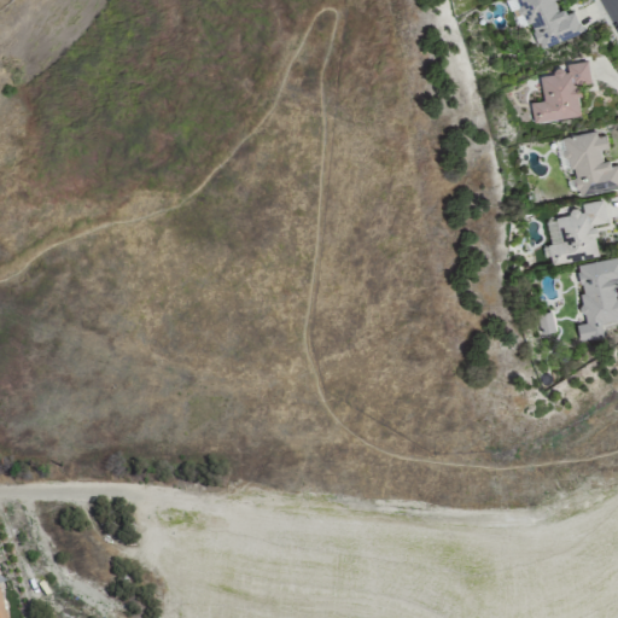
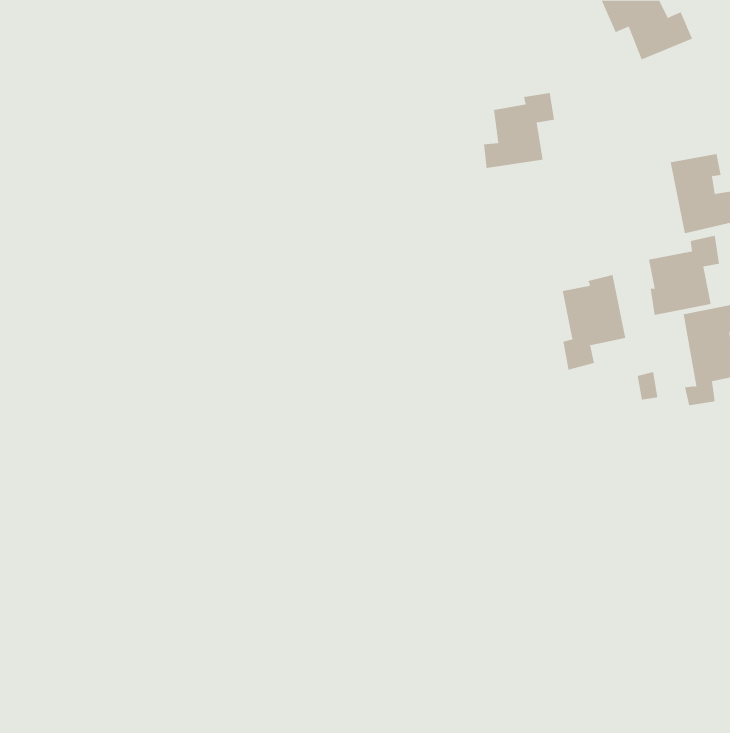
building: [532,59,593,123] -> [483,93,555,169]
building: none -> [562,274,626,370]

